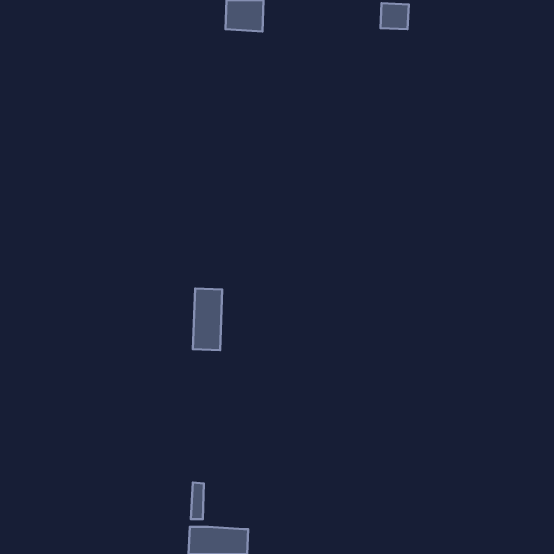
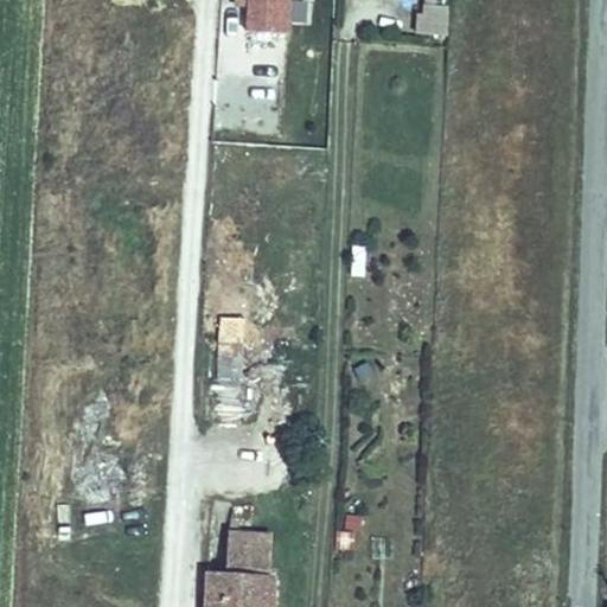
building: none -> [228,532,269,579]

